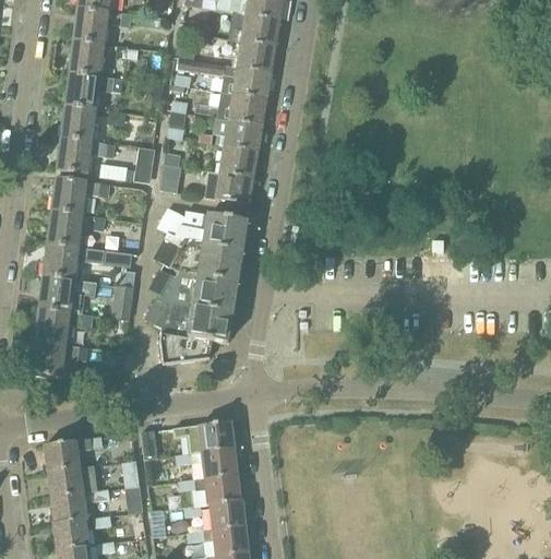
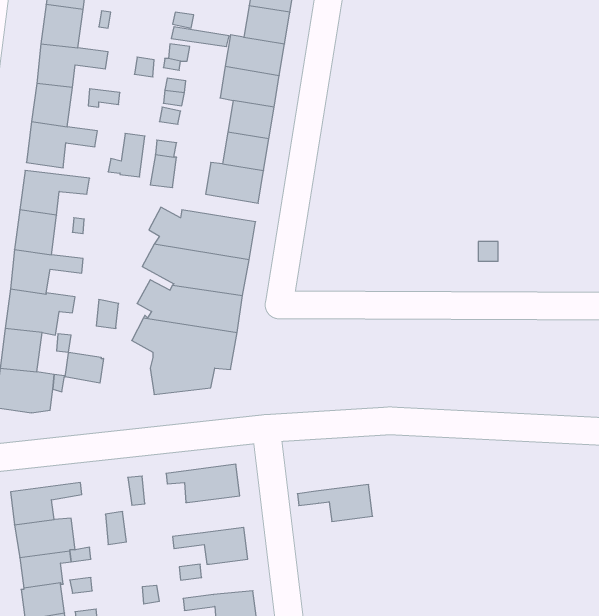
building: none -> [65,352,103,383]
building: [175,448,237,478] -> [297,485,373,521]
building: [208,500,244,530] -> none

